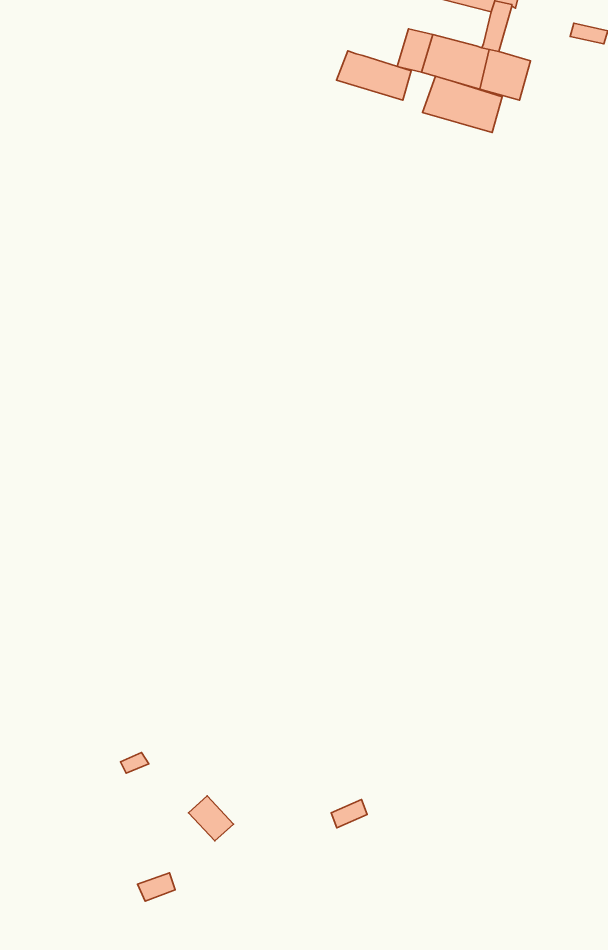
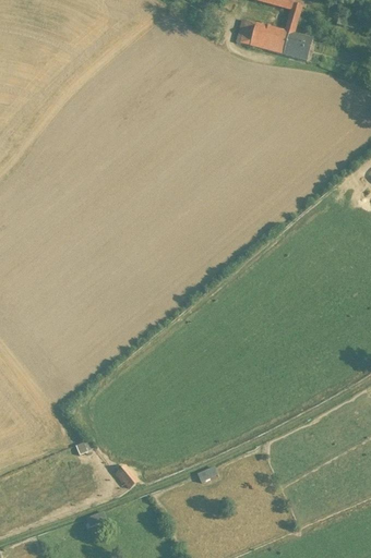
building: [337,51,411,100] -> none
building: [422,76,502,133] -> none

